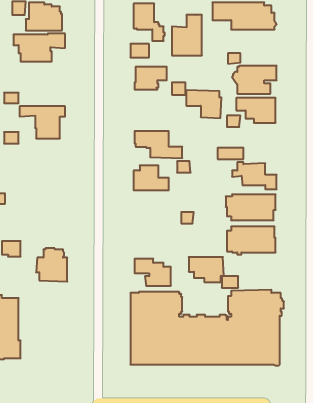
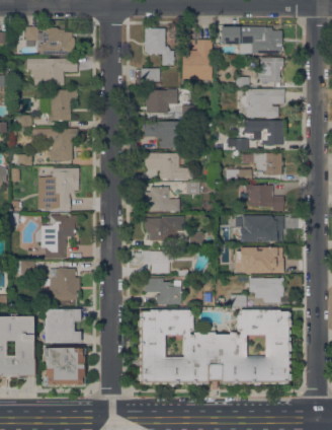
building: none -> [259,58,283,81]
building: none -> [48,89,78,121]
building: [186,90,221,118] -> [146,121,180,148]
building: none -> [253,152,283,174]
building: none -> [38,166,80,211]
building: none -> [42,215,78,259]
building: none -> [145,218,174,240]
building: none -> [144,249,173,273]
building: [189,257,224,282] -> [249,278,283,302]
building: none -> [46,309,81,343]
building: none -> [44,348,87,386]

